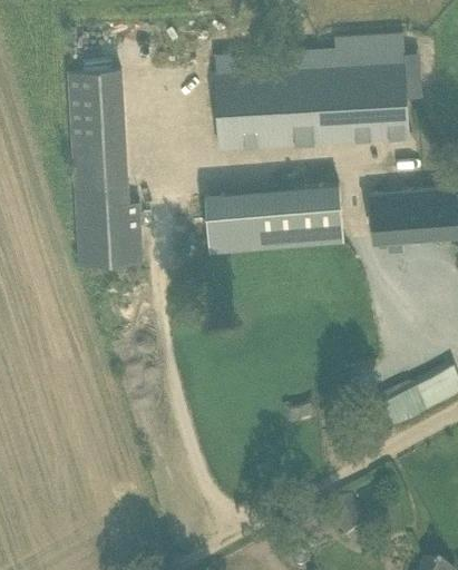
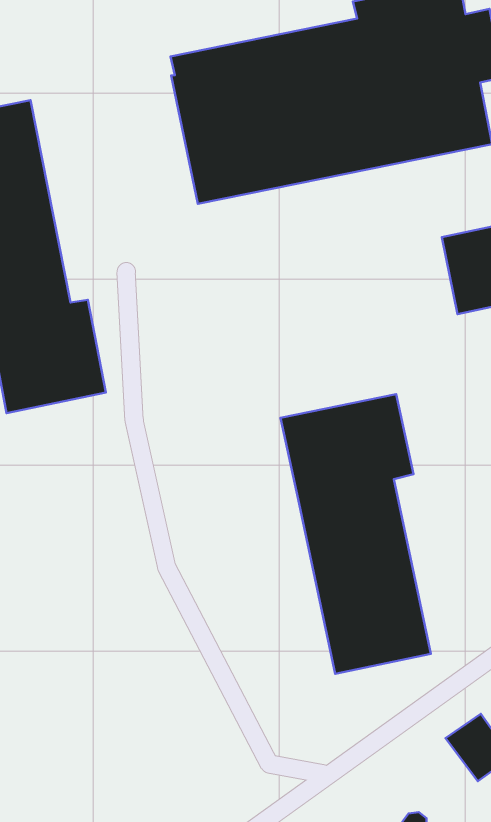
building: [204,186,343,253] -> none
building: none -> [280,394,431,674]

